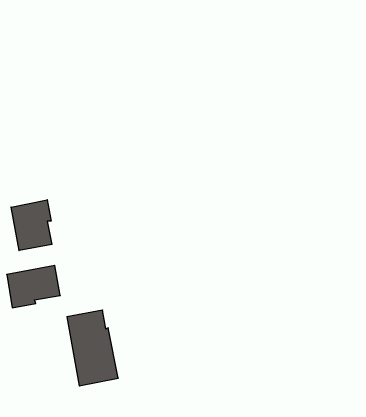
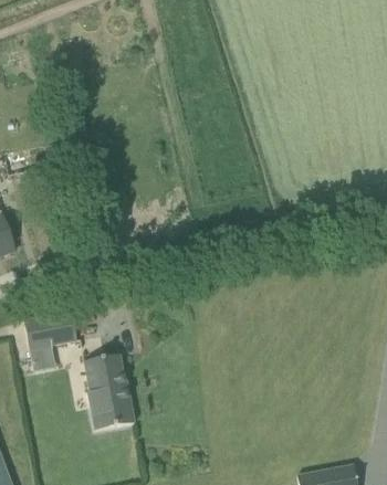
building: [11,200,52,251] -> none

